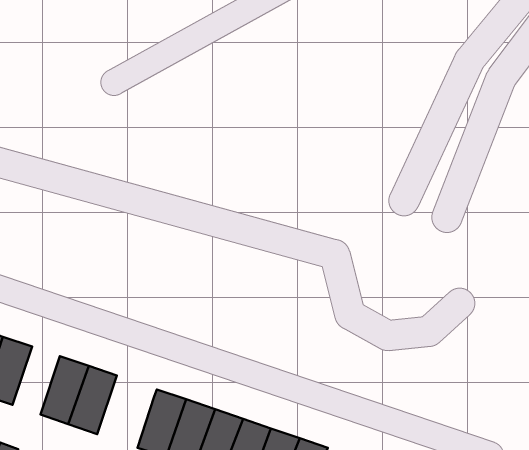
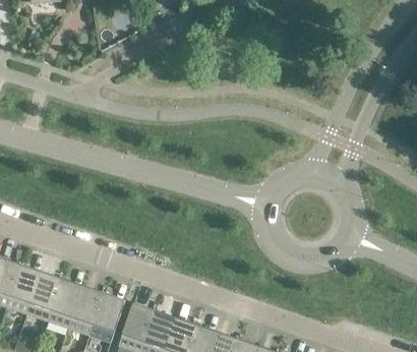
building: none -> [27,272,62,321]
building: none -> [90,293,125,343]

